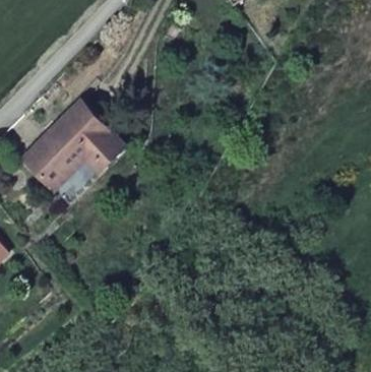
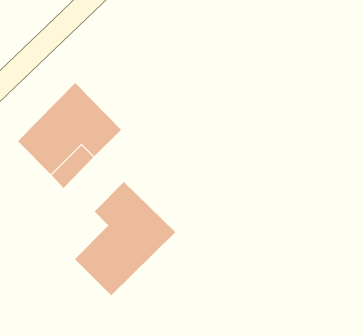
building: none -> [74,181,176,296]

